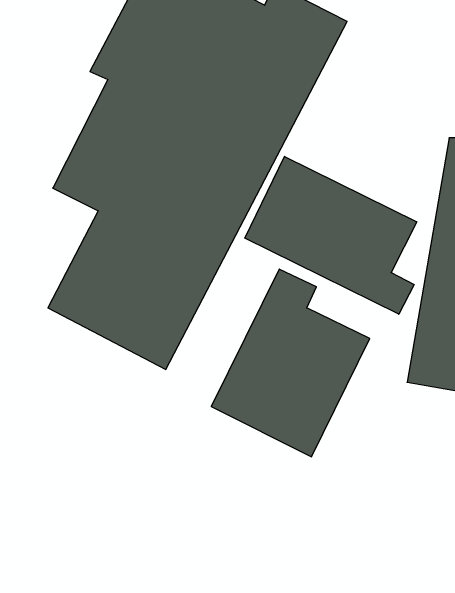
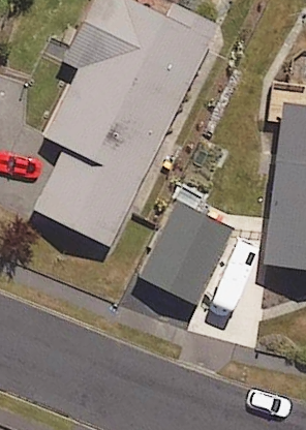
building: [245,156,417,314] -> none

